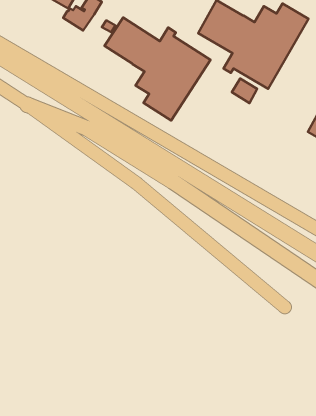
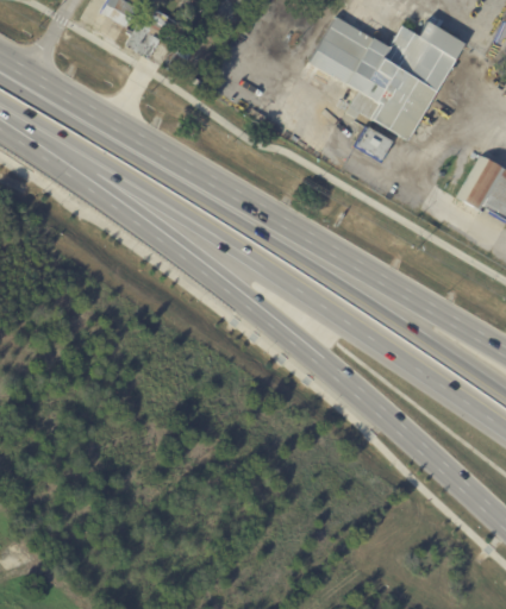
building: [105,18,210,121] -> none

